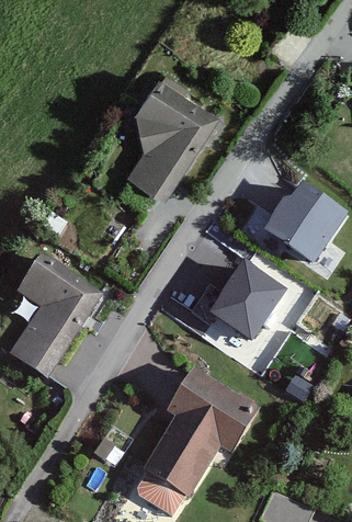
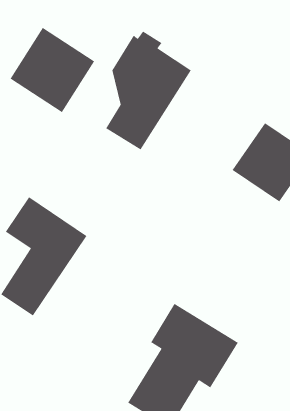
building: none -> [10,27,95,113]
building: [202,257,280,337] -> none

